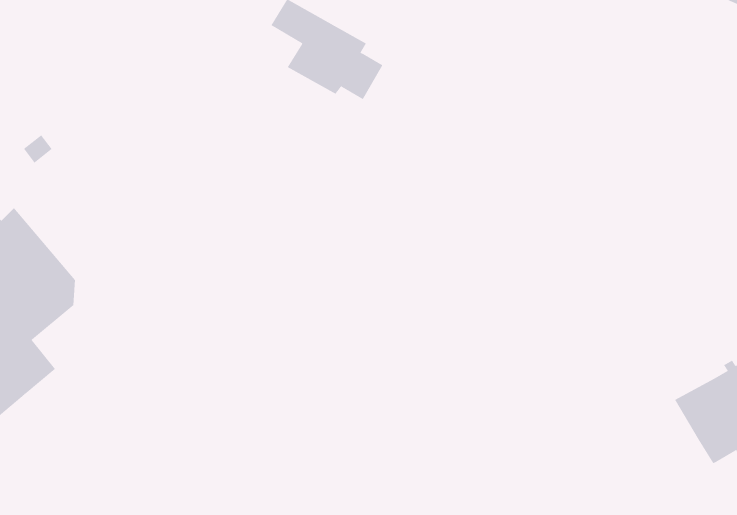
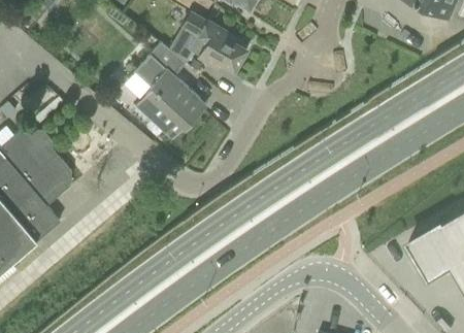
building: none -> [133,42,201,137]

